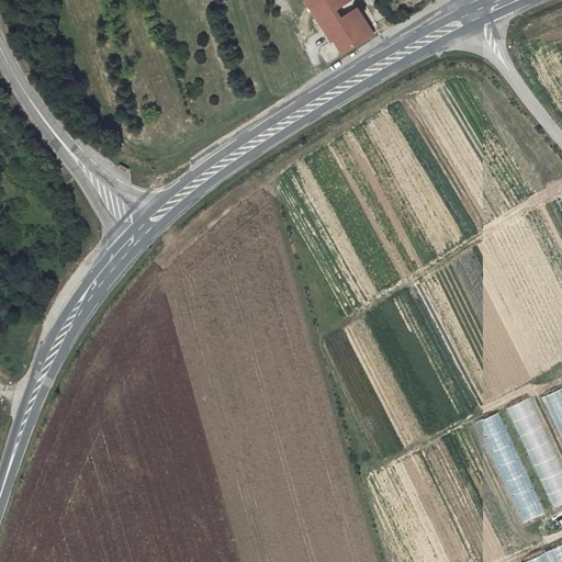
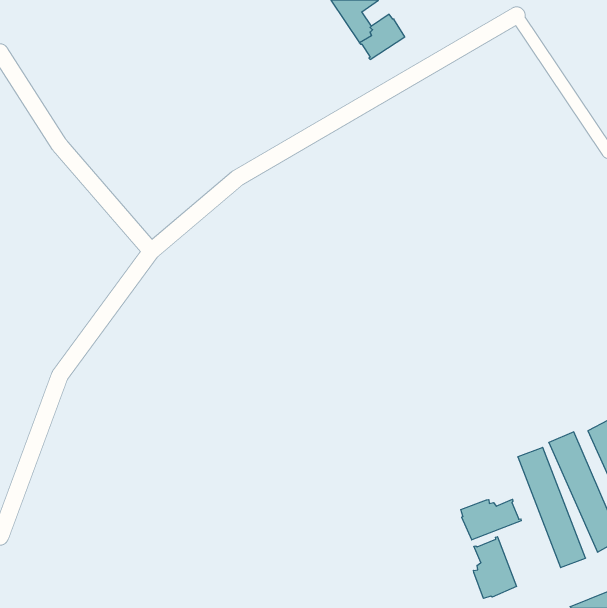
building: none -> [461,499,521,540]
building: none -> [473,537,517,598]

